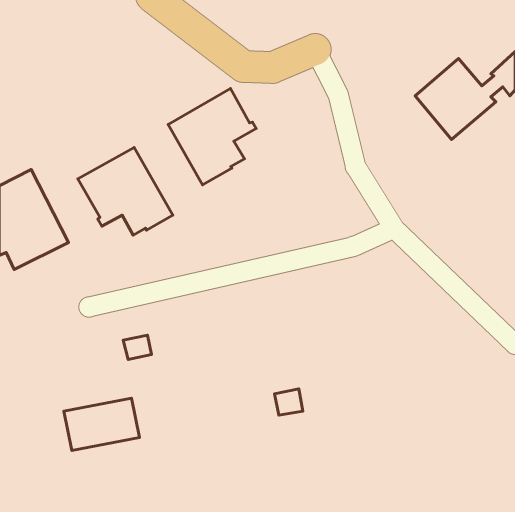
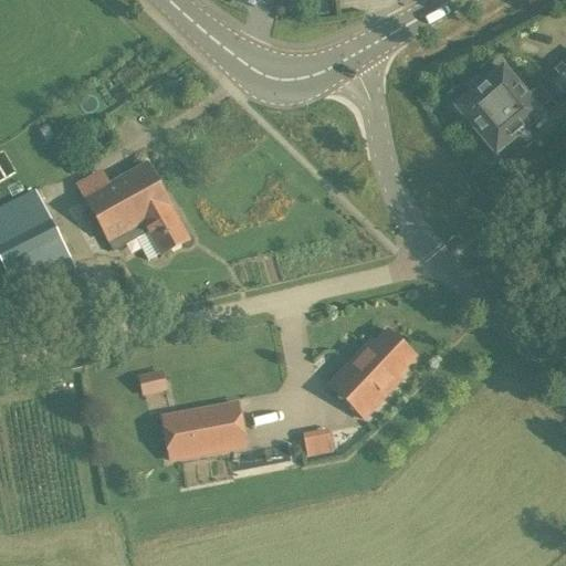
building: [168,88,256,185] -> none
building: none -> [327,327,418,418]
building: [64,398,140,451] -> [163,400,245,458]

